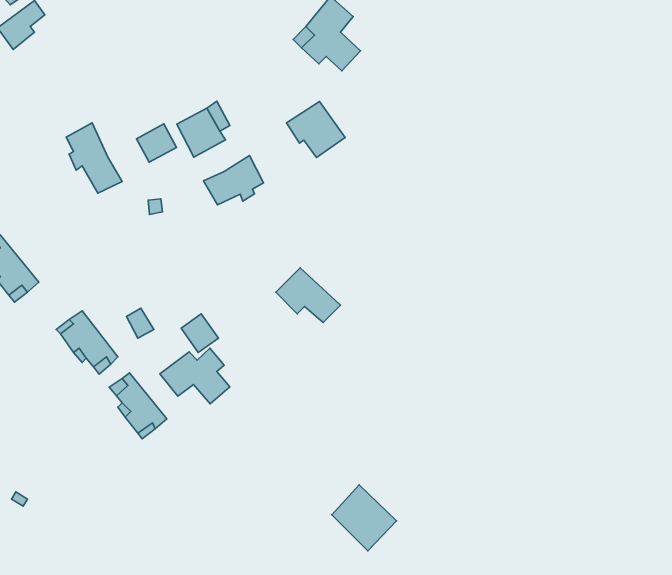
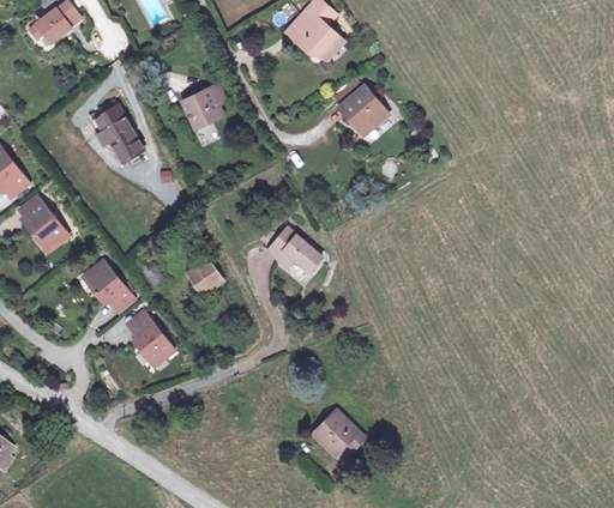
building: [286,101,345,157] -> [335,87,384,134]
building: [136,124,177,162] -> none
building: [204,156,263,205] -> none
building: [160,348,230,404] -> none

